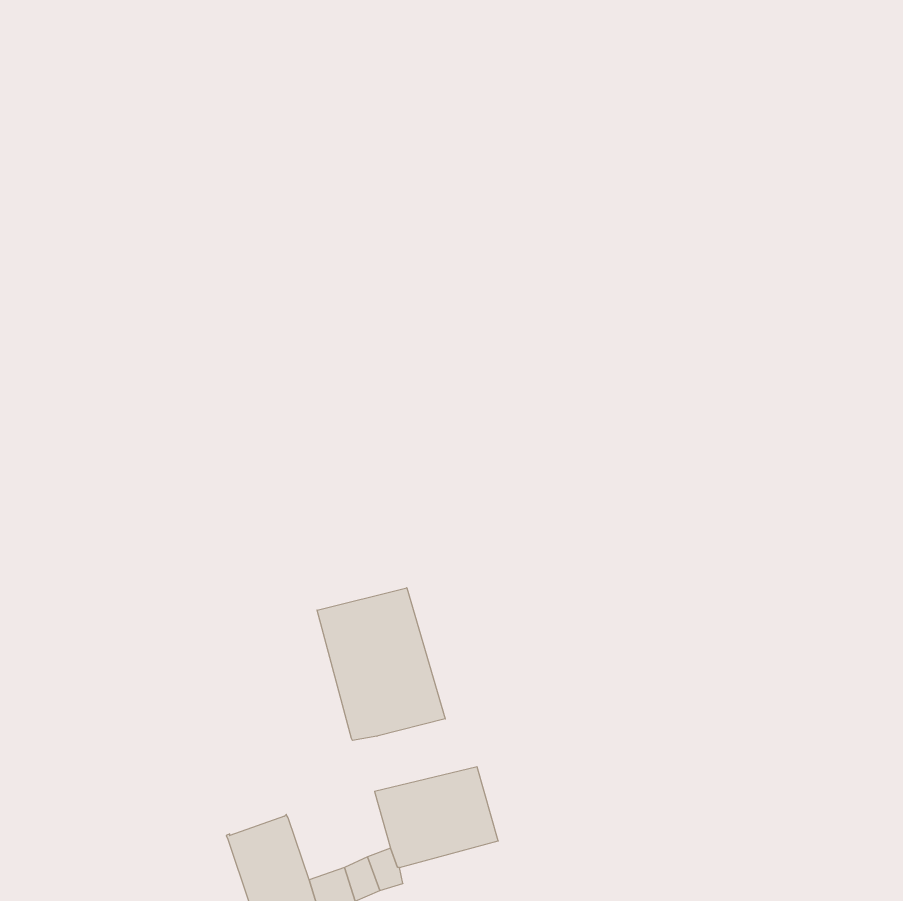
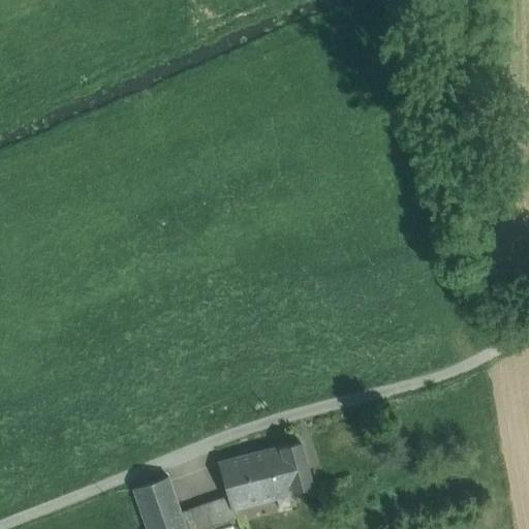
building: [317,588,445,740] -> none
building: none -> [279,443,312,493]

